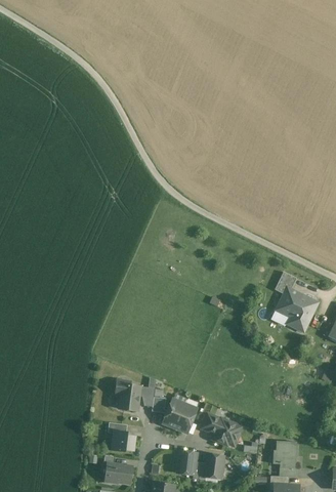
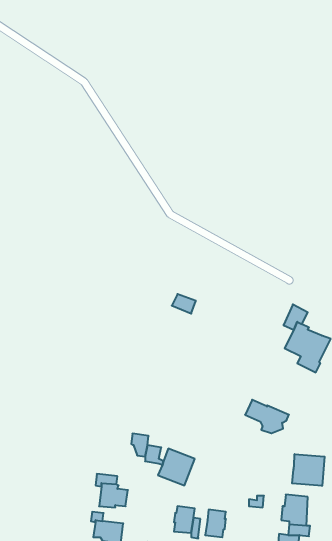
building: [116,381,140,411] -> none
building: none -> [292,454,325,486]
building: [202,414,241,444] -> [245,400,289,433]

